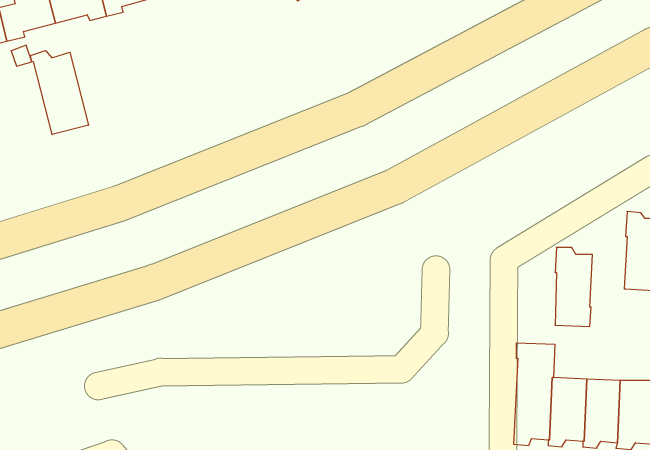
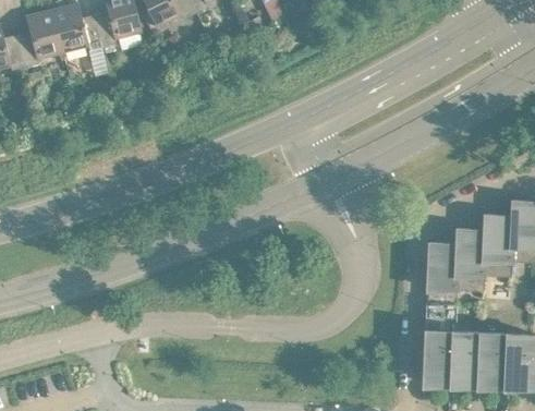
building: [30,51,89,135] -> none
building: none -> [483,215,512,277]
building: none -> [425,243,457,305]

